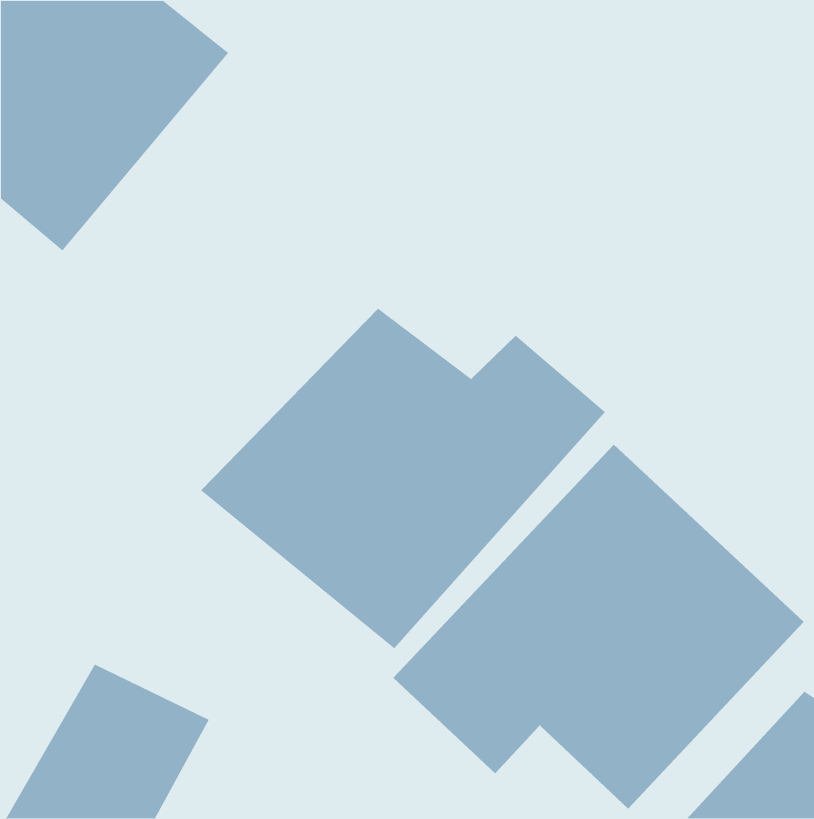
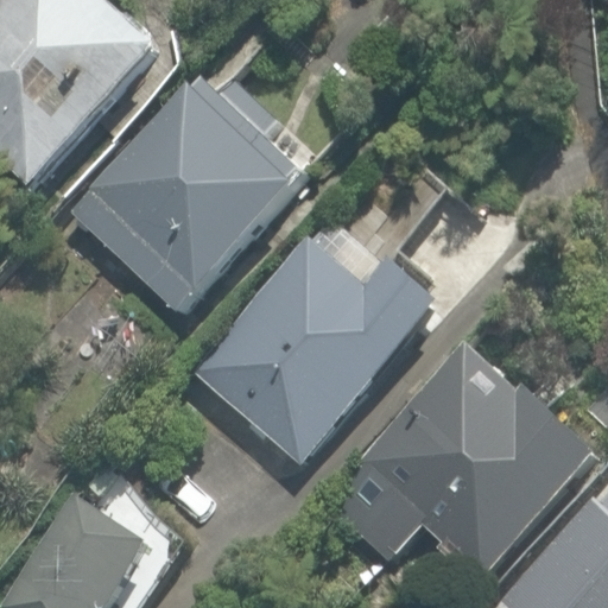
building: none -> [68,61,309,305]

